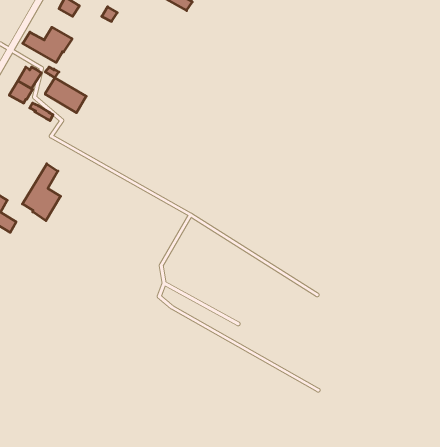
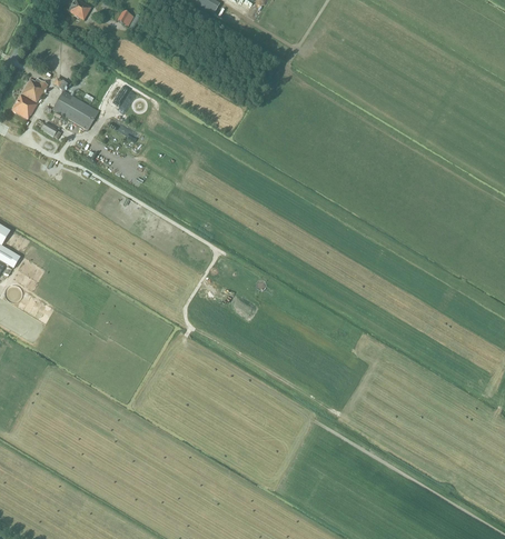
building: [23,27,72,62] -> none
building: [22,164,61,221] -> none

